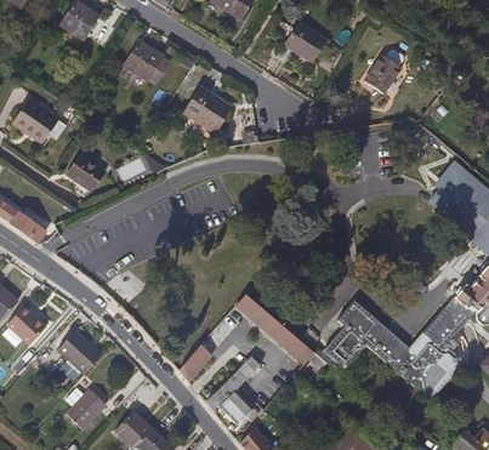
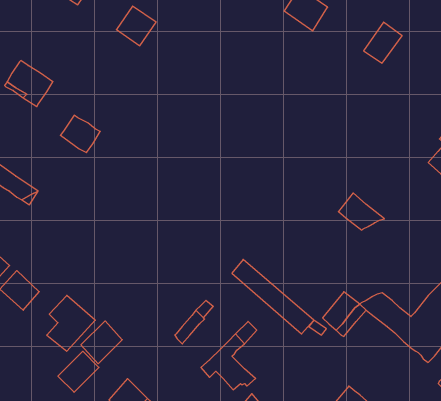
building: [183,92,232,138] -> none
building: [337,301,382,337] -> [338,193,384,230]
building: none -> [81,321,122,364]

